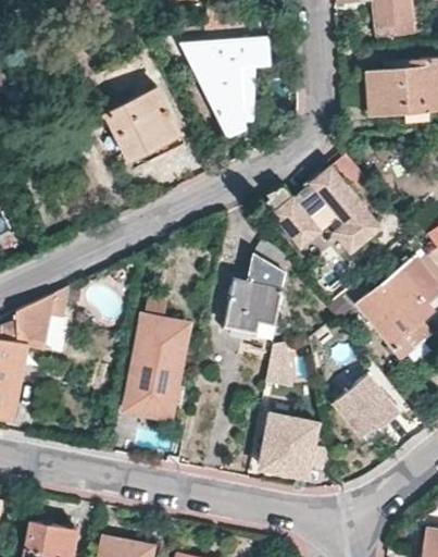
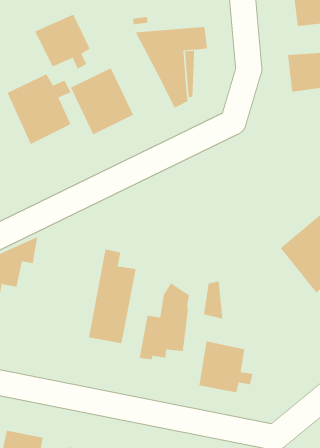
building: none -> [35,14,91,69]
building: none -> [7,73,71,145]
building: [265,164,383,253] -> none
building: [224,242,285,334] -> [139,282,190,360]
building: [331,373,398,436] -> none

